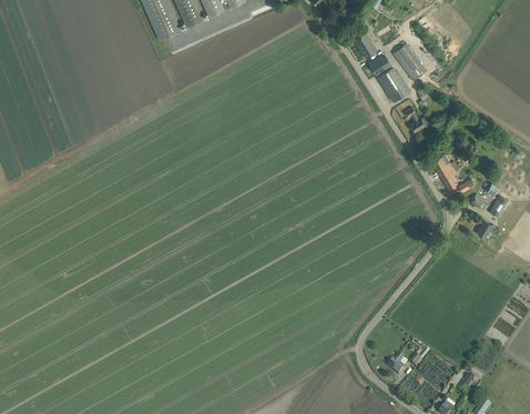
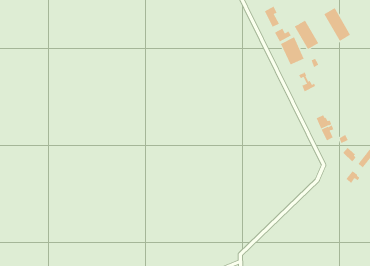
building: none -> [324,7,351,42]

